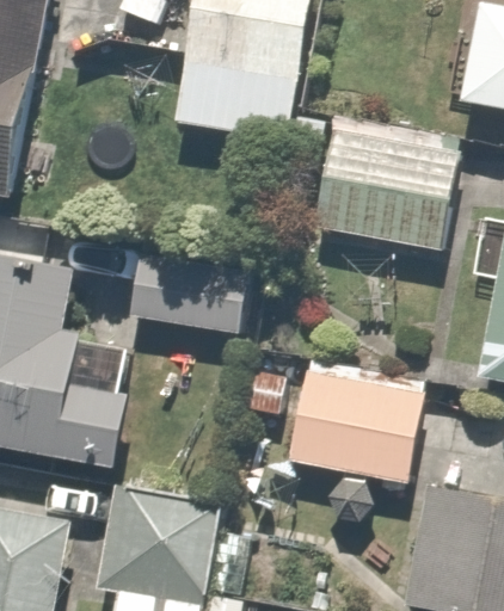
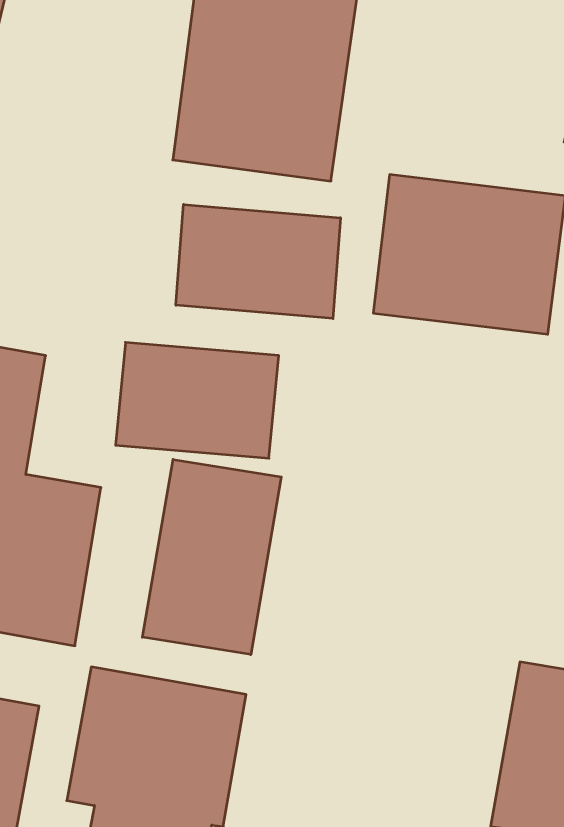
building: none -> [176,204,340,319]
building: none -> [142,459,281,655]
building: [287,356,425,487] -> none

